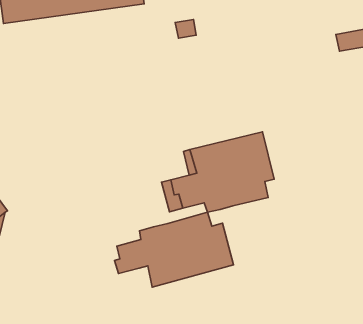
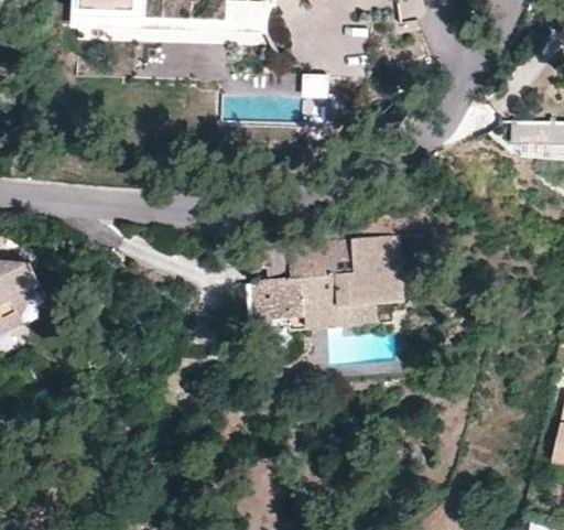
building: [115,212,234,287] -> none

